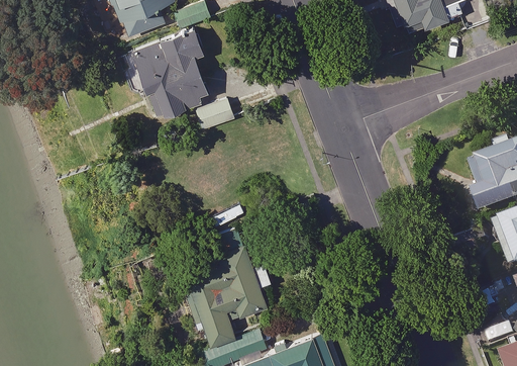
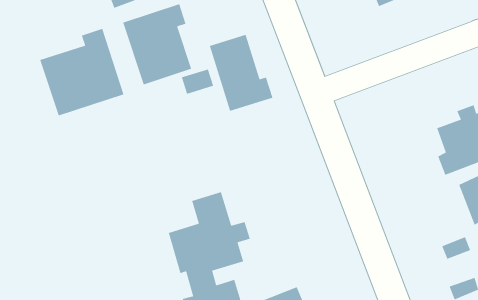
building: none -> [39,28,125,116]
building: none -> [209,34,273,112]

